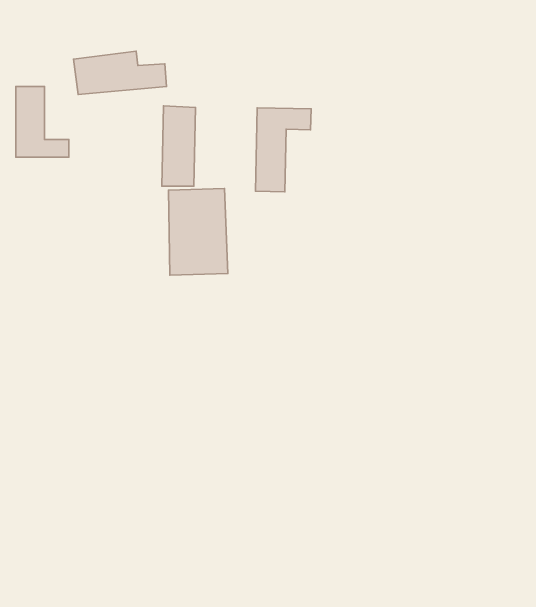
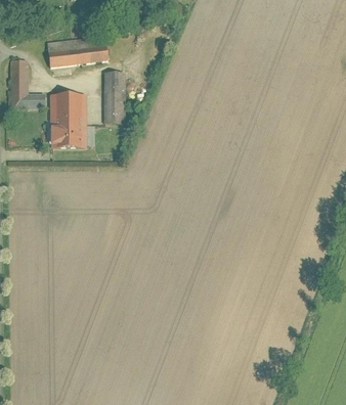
building: [256,108,311,192] -> none
building: [168,188,228,275] -> [49,93,87,148]

